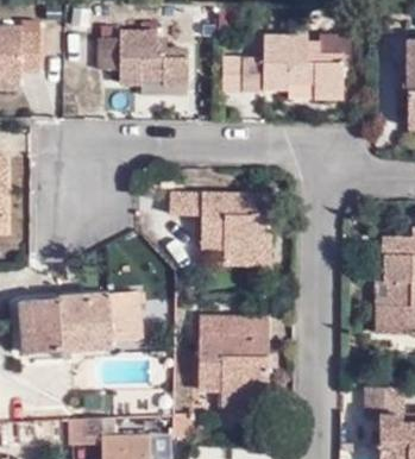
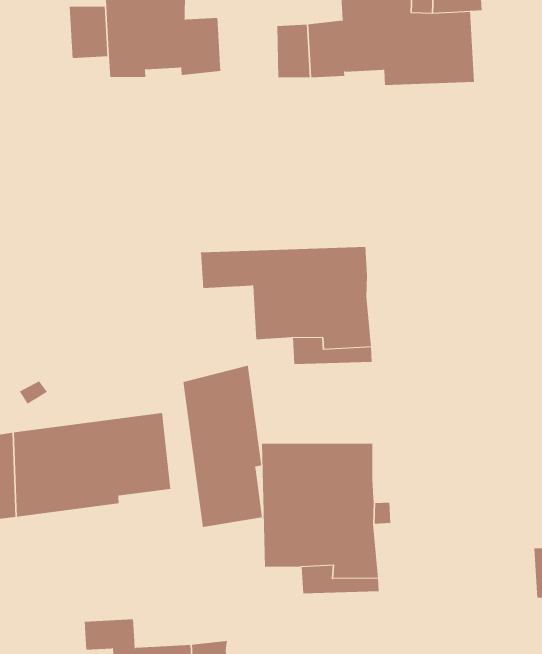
building: none -> [183,365,263,528]

